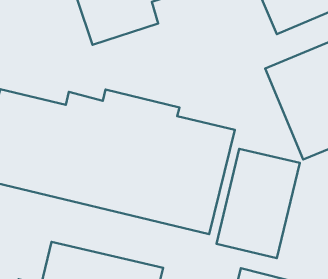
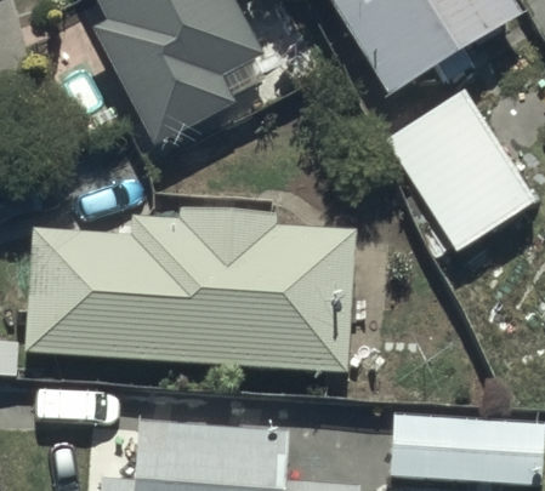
building: [217,149,300,258] -> none

